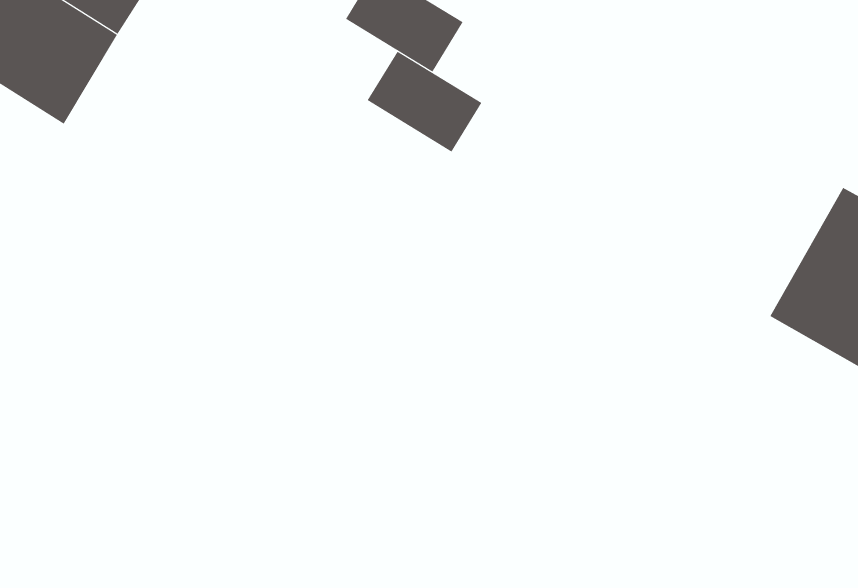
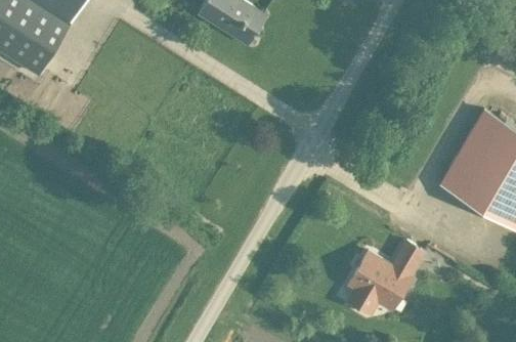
building: [367,51,482,152] -> none
building: none -> [348,242,424,315]

